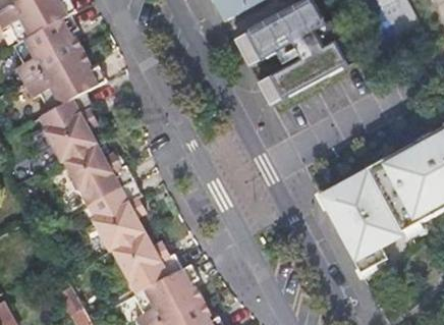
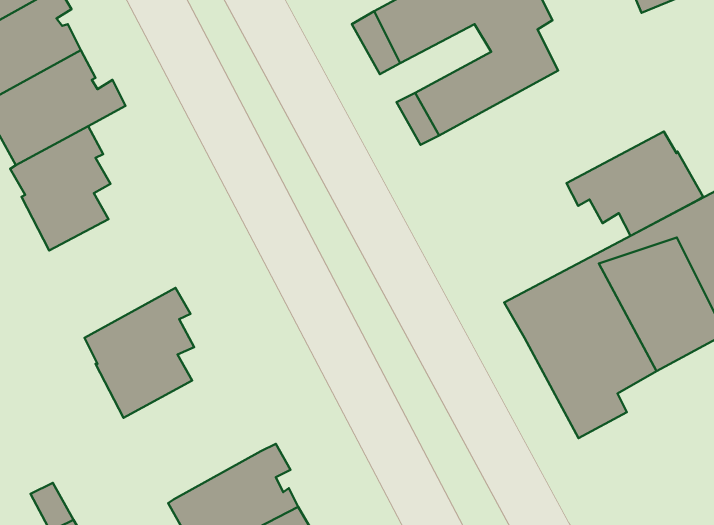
building: none -> [567,132,703,236]
building: [62,146,136,211] -> none
building: [110,234,183,300] -> none

